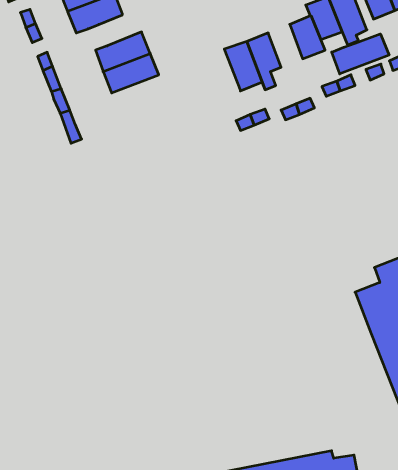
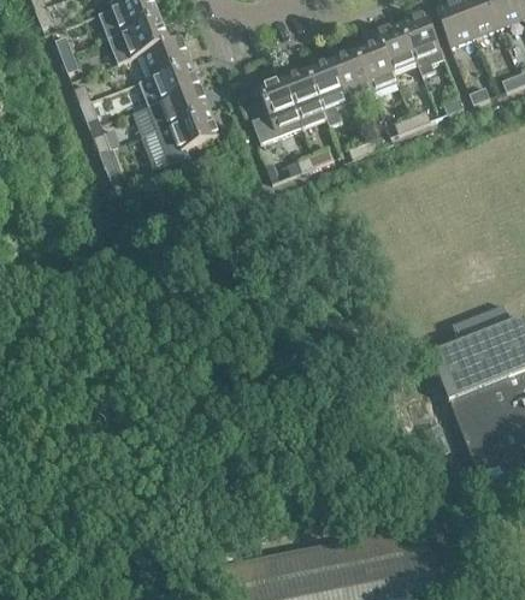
building: none -> [142,35,190,76]
building: none -> [332,52,371,100]
building: [332,34,389,74] -> none
building: none -> [250,79,301,142]
building: none -> [157,108,219,162]

